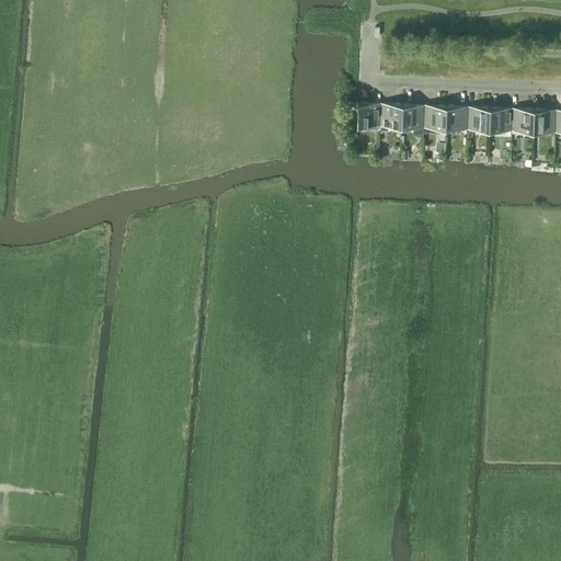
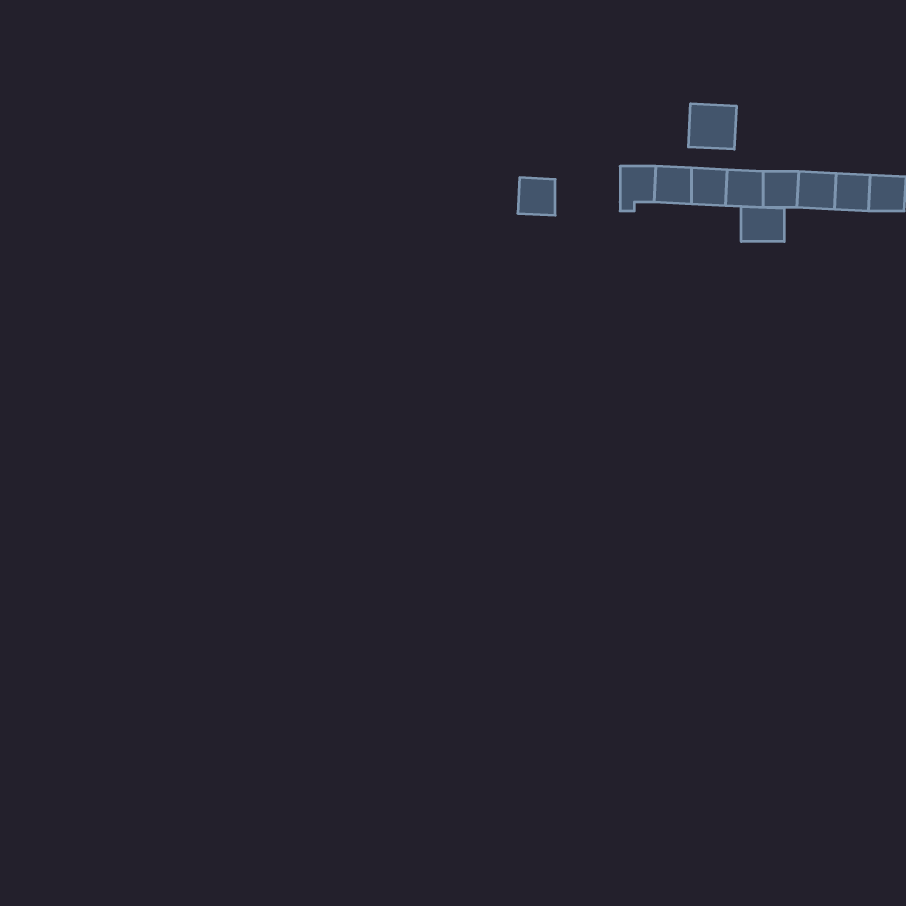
building: none -> [688,104,736,149]
building: [362,105,385,128] -> [518,178,555,215]
building: none -> [741,206,784,242]

